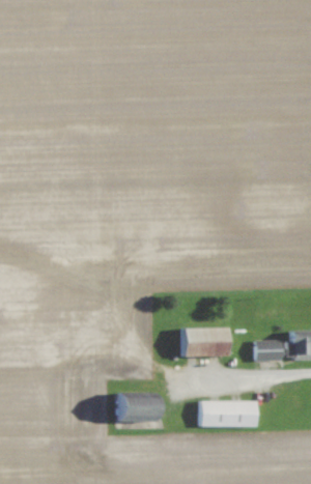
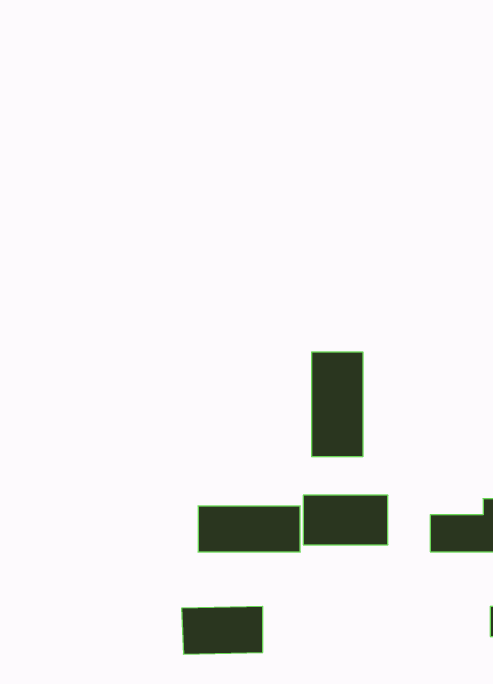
building: none -> [312,352,363,457]
building: [200,400,260,427] -> [198,506,300,552]

